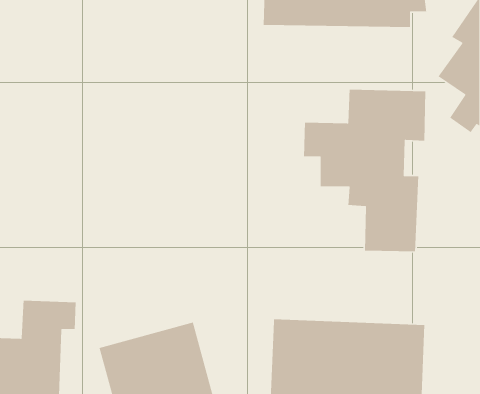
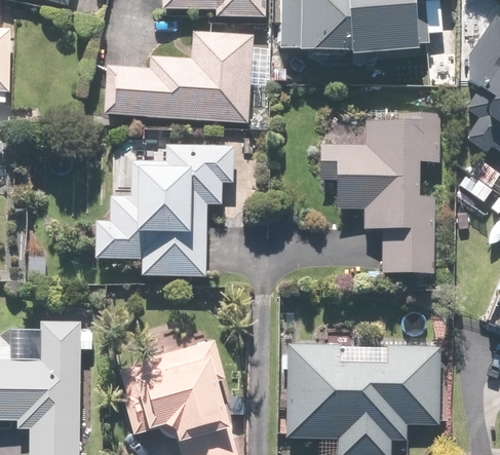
building: none -> [104,32,251,122]
building: none -> [95,142,234,275]

